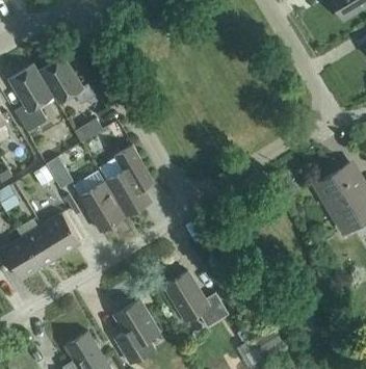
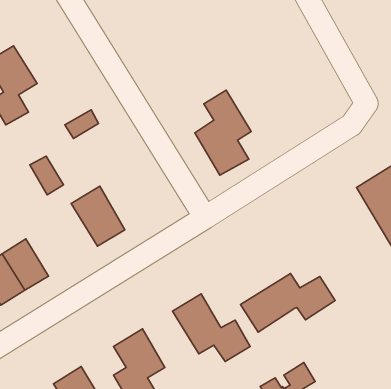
building: [41,55,95,104] -> none
building: [106,144,153,215] -> [195,90,251,175]
building: [42,213,80,256] -> none
building: none -> [241,274,335,332]

